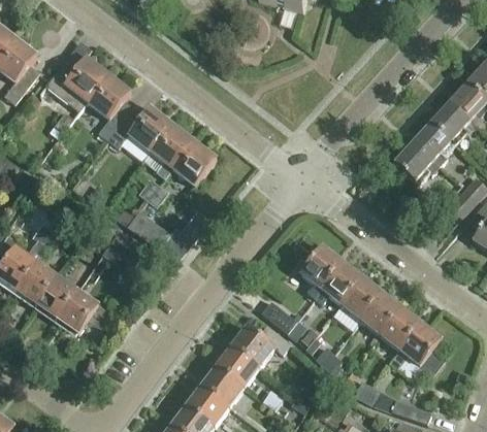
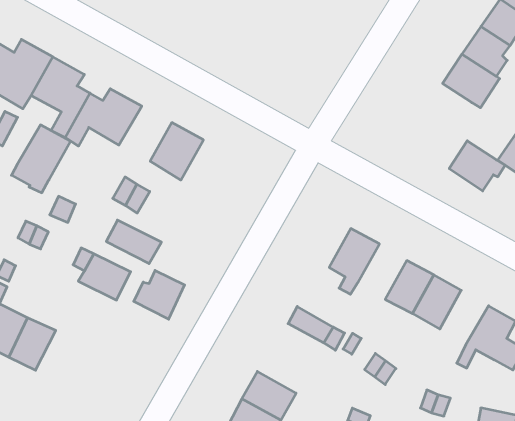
building: [143,124,194,177] -> [11,125,70,193]
building: [394,142,439,184] -> [449,141,505,191]
building: none -> [134,270,185,319]
building: [321,261,362,305] -> none
building: [57,290,109,334] -> none
building: [380,307,421,351] -> none
building: [231,325,290,368] -> none

